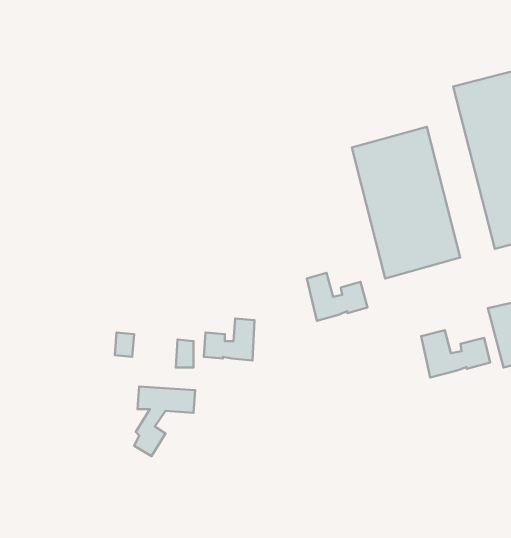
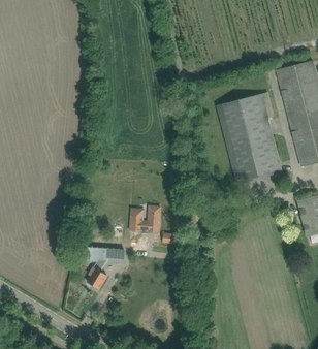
building: [307,273,367,321] -> none
building: [421,330,490,377] -> none

